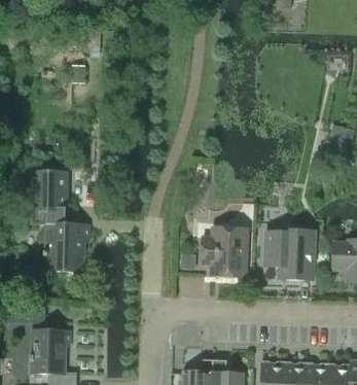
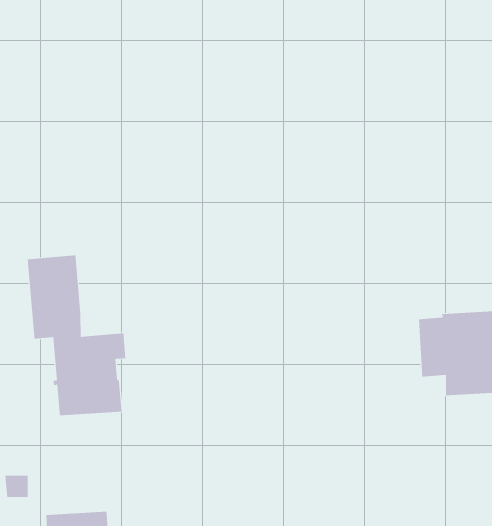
building: [201,226,247,278] -> none

